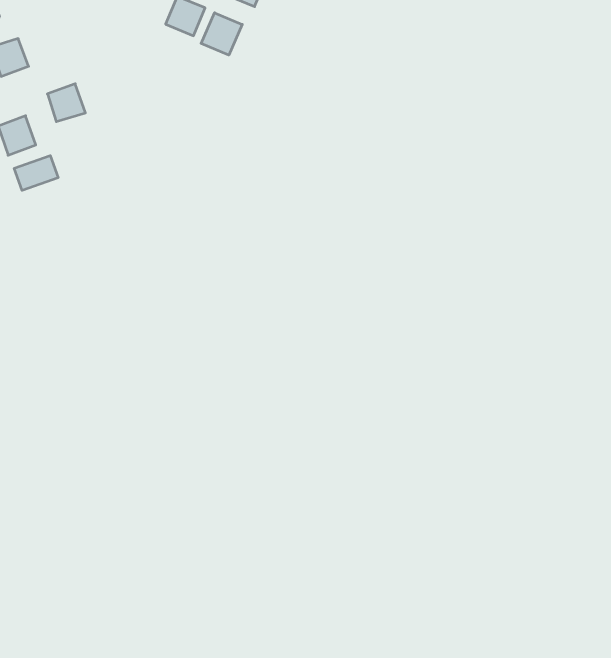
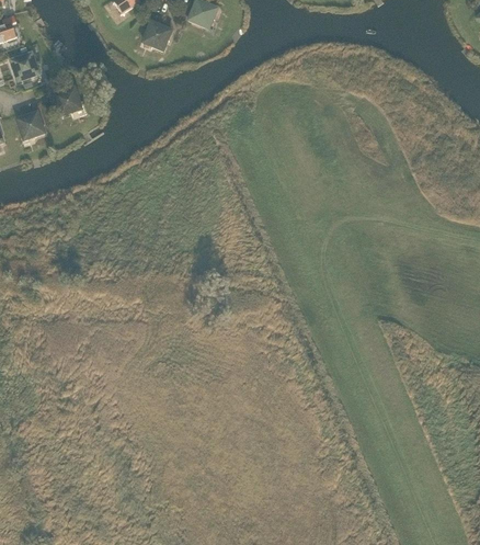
building: [201,13,242,55] -> none
building: [14,156,58,190] -> none

